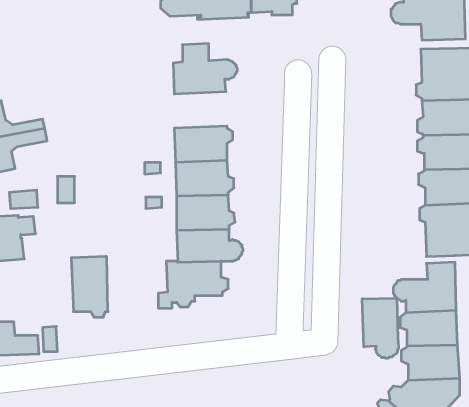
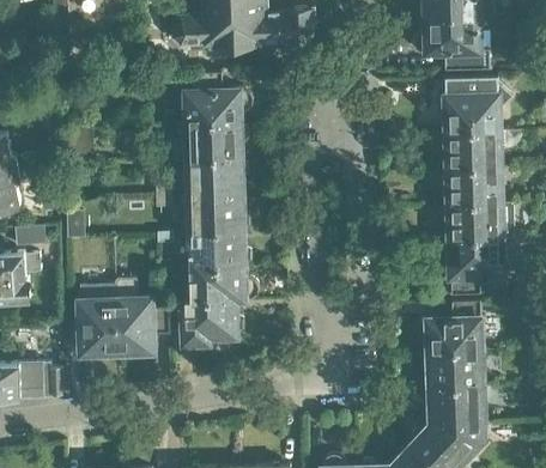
building: none -> [172,123,247,163]
building: none -> [115,280,170,359]
building: [362,298,399,358] -> none

